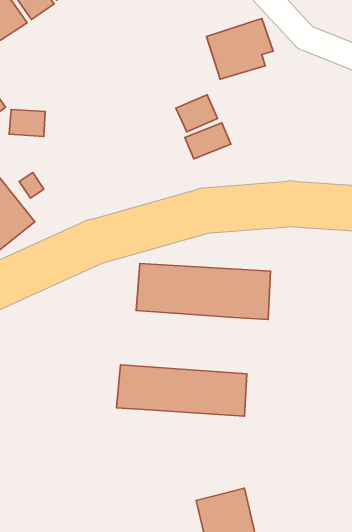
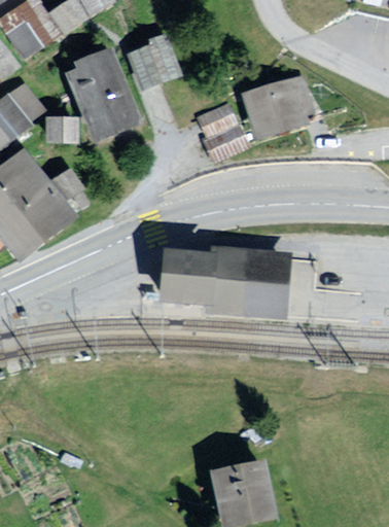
building: [207,19,273,79] -> [248,78,309,134]
building: none -> [130,39,178,90]
building: none -> [69,50,136,133]
building: [117,365,247,416] -> none

